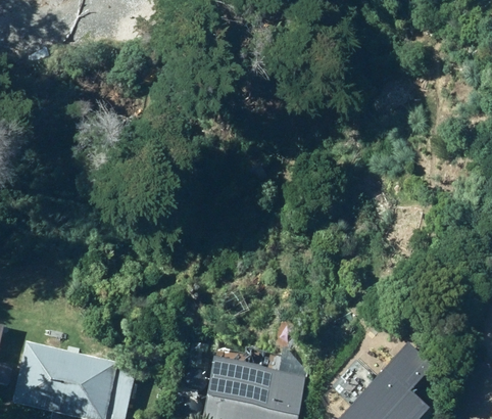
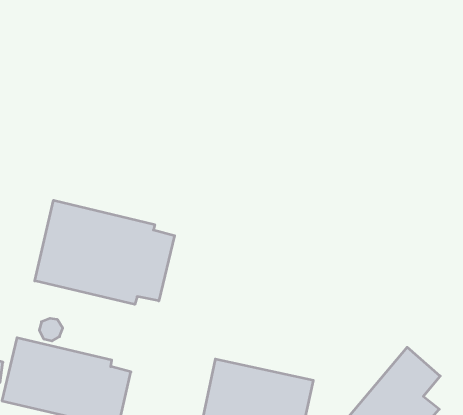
building: none -> [35,200,175,304]

